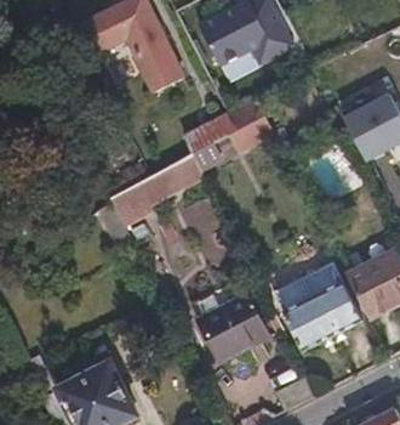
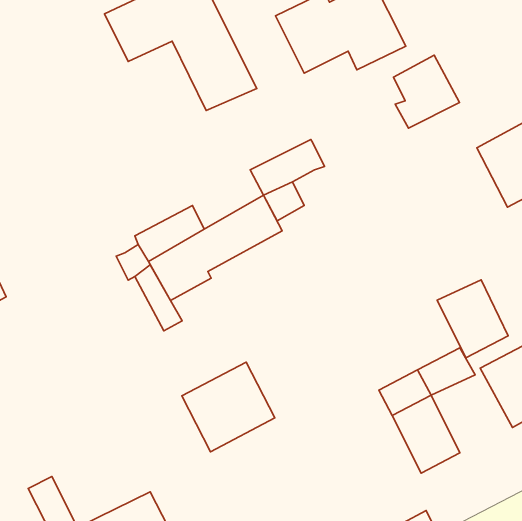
building: [225,98,273,151] -> [393,55,459,128]
building: [310,280,361,336] -> [437,280,508,358]
building: [200,295,267,359] -> [182,362,275,452]

